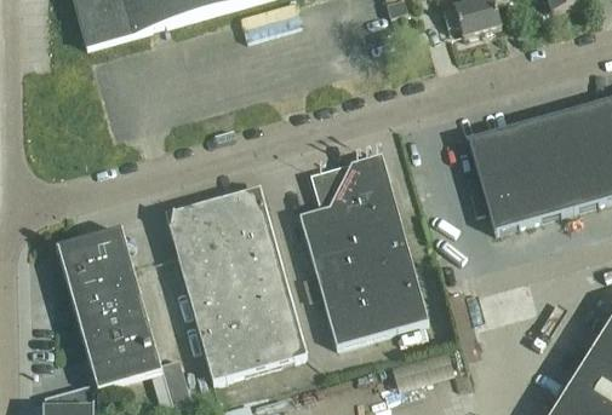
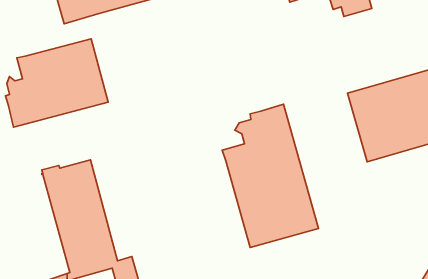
building: none -> [6,39,108,127]
building: [166,188,307,381] -> none

